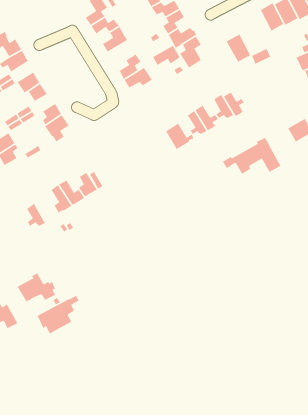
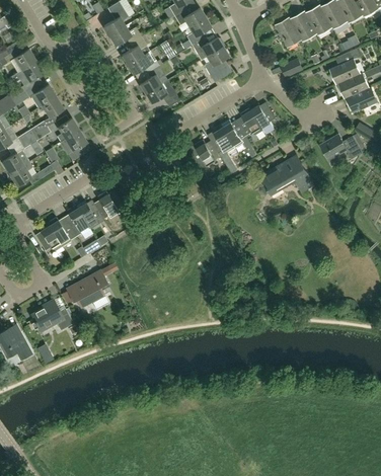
building: [226,34,251,63] -> [275,16,302,48]
building: [152,45,181,66] -> [128,51,158,73]
building: none -> [47,217,75,246]
building: [36,295,80,335] -> [66,265,112,308]

